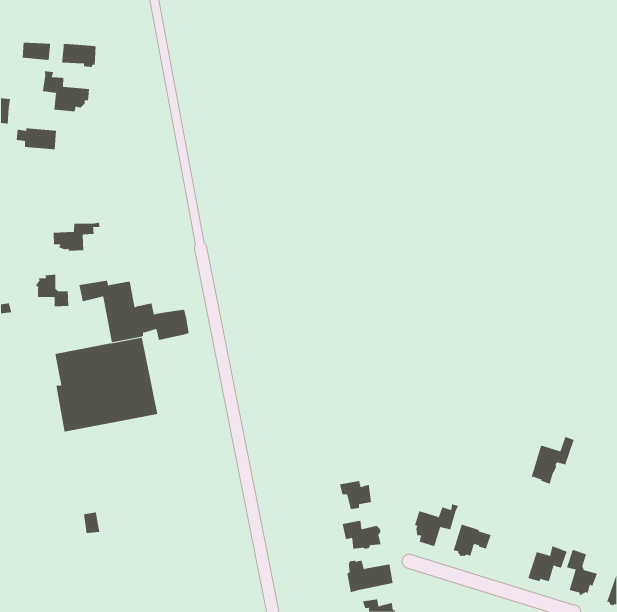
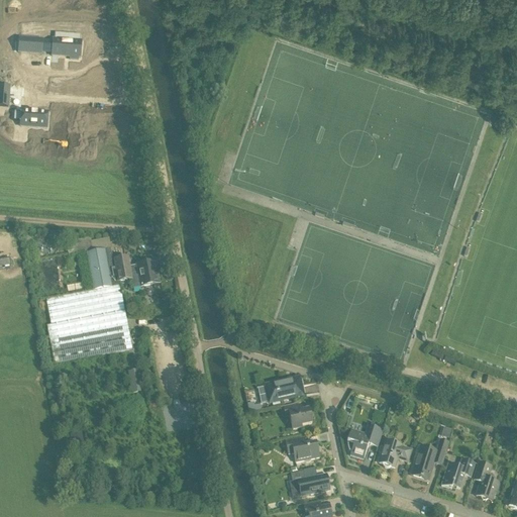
building: [42,71,90,112] -> none
building: [53,222,100,252] -> none
building: [35,274,69,307] -> none
building: [531,436,574,485] -> [412,438,448,479]
building: none -> [256,376,302,401]

